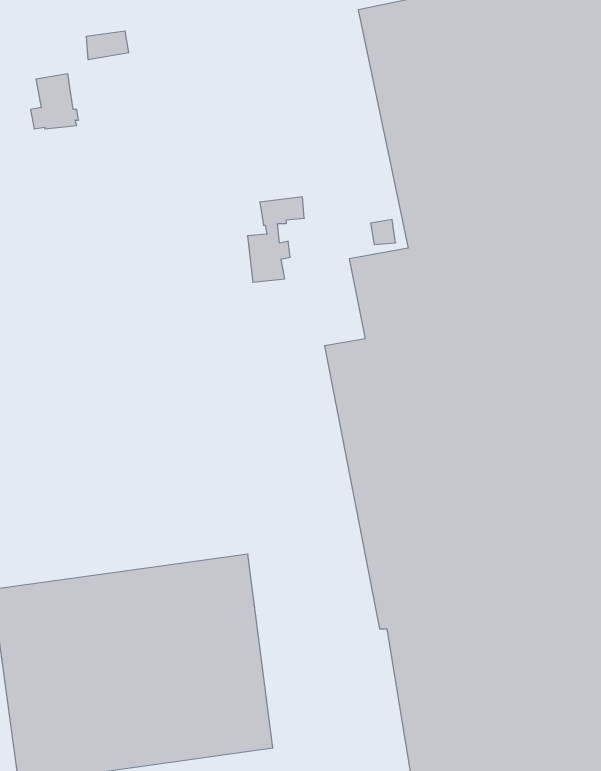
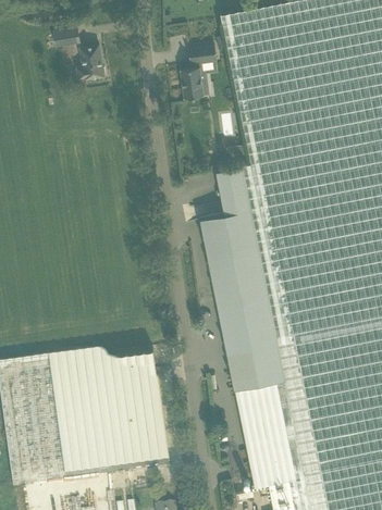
building: [31,74,79,129] -> [76,43,106,77]
building: [247,197,304,282] -> [181,43,215,96]

